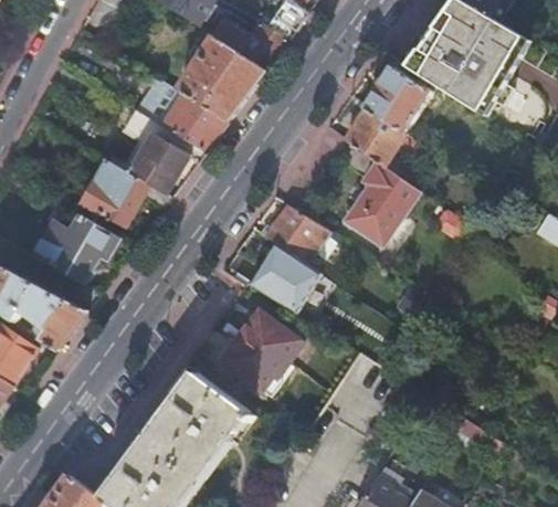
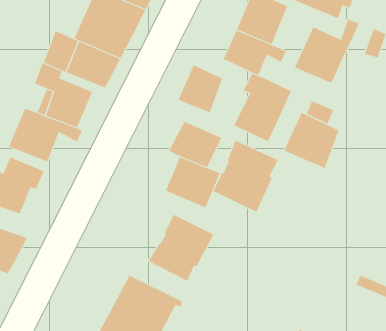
building: none -> [294,19,359,83]
building: none -> [178,65,223,113]
building: none -> [284,112,339,169]
building: none -> [213,140,278,212]

